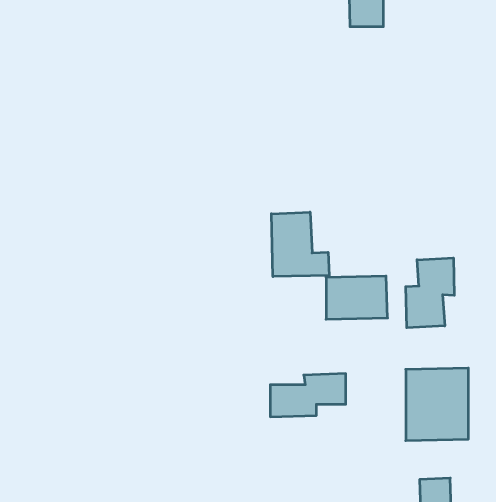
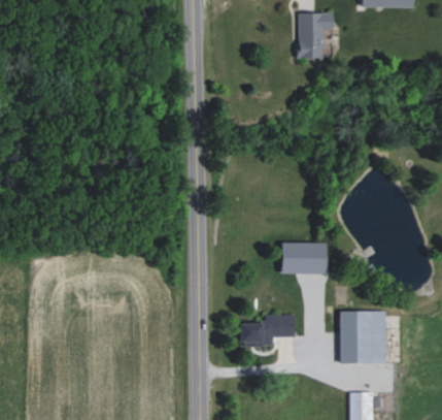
building: [271,212,329,277] -> none
building: [406,258,454,328] -> none

